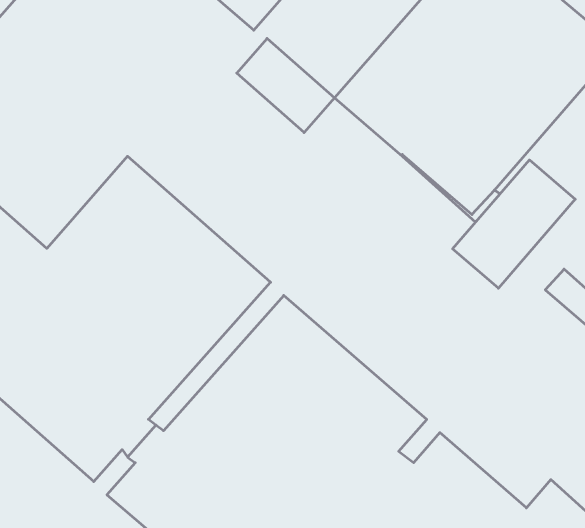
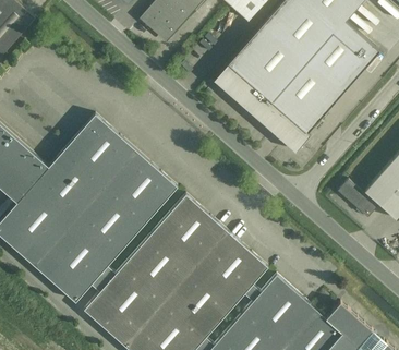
building: [237,38,335,133] -> none
building: [453,160,575,288] -> none

